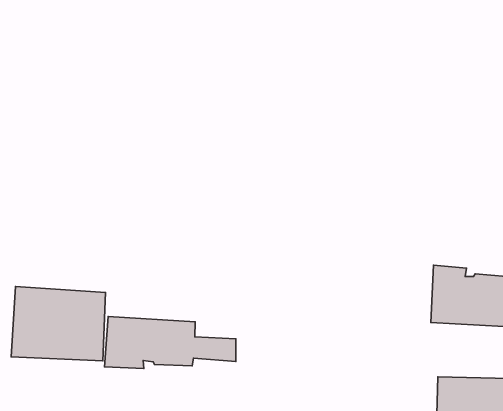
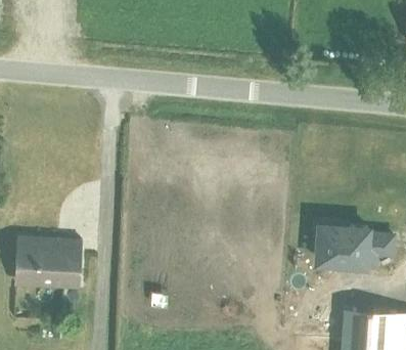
building: [104,316,236,368] -> none

